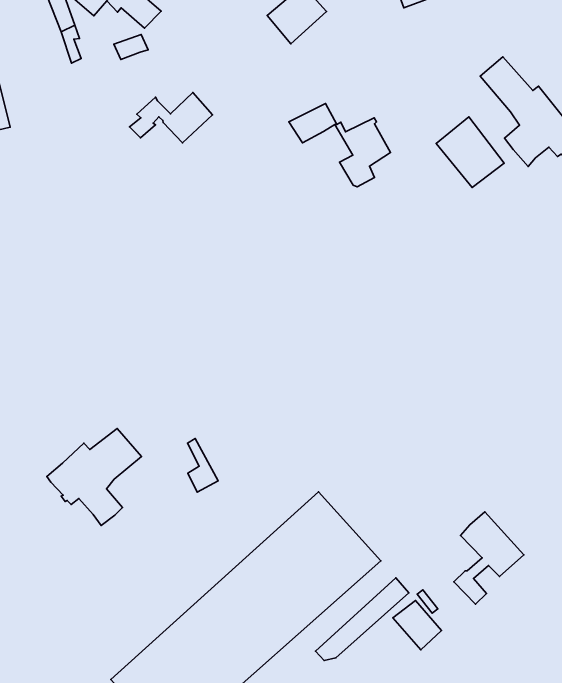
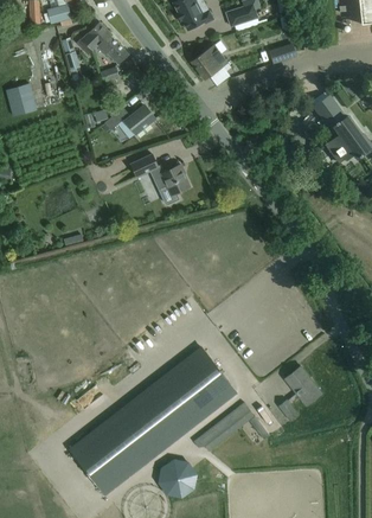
building: [289,103,391,187] -> [130,153,190,204]
building: [436,117,504,188] -> none
building: [47,428,141,526] -> none

